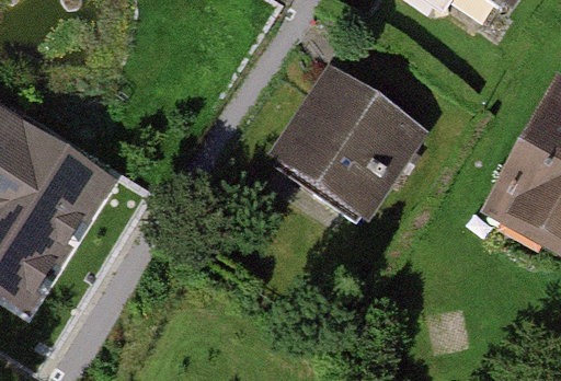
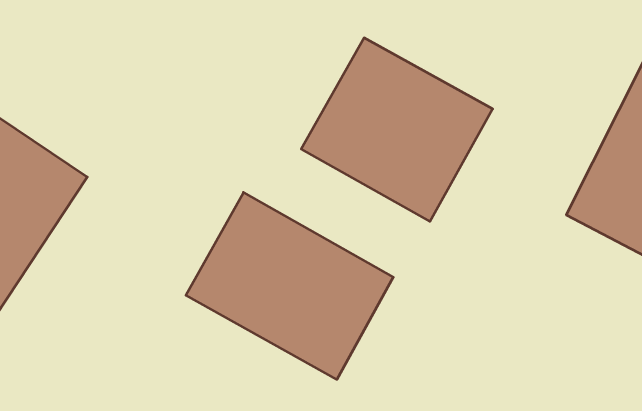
building: none -> [186,192,393,379]

